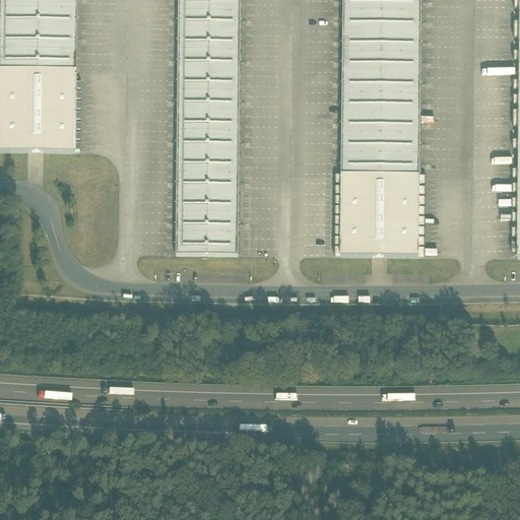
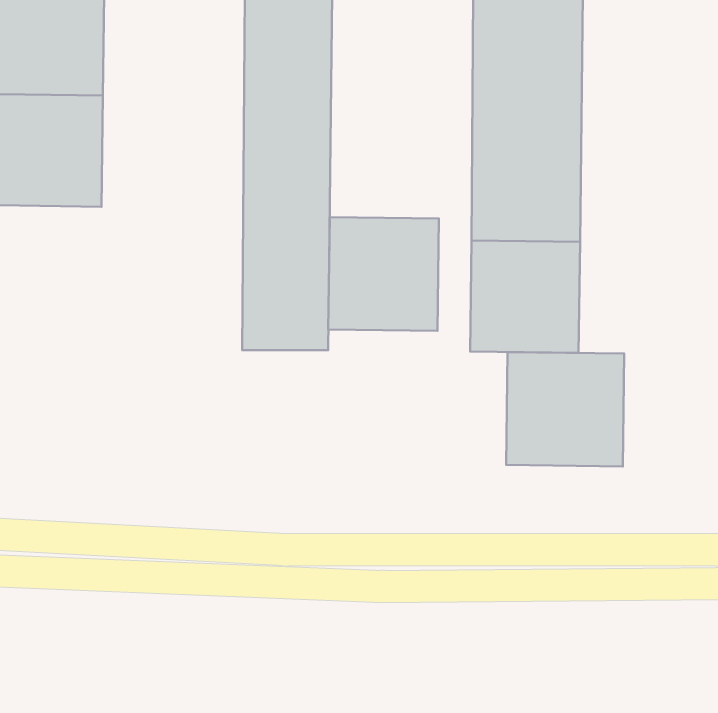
building: none -> [328,217,439,331]
building: none -> [506,352,624,466]

